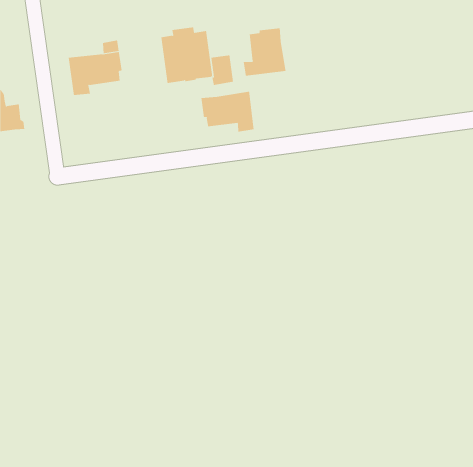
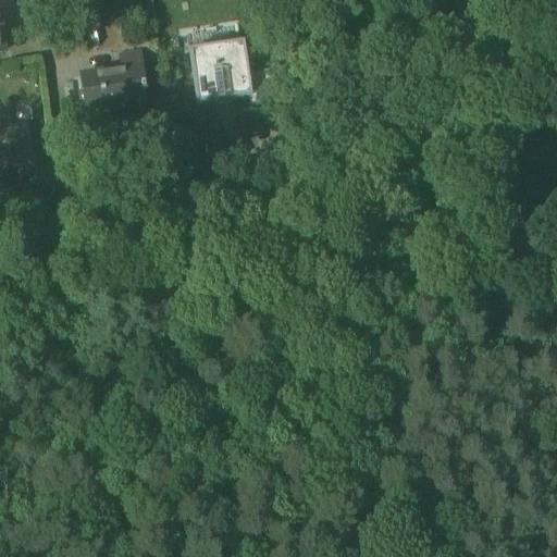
building: [243,27,286,77] -> none
building: [201,91,254,132] -> none

